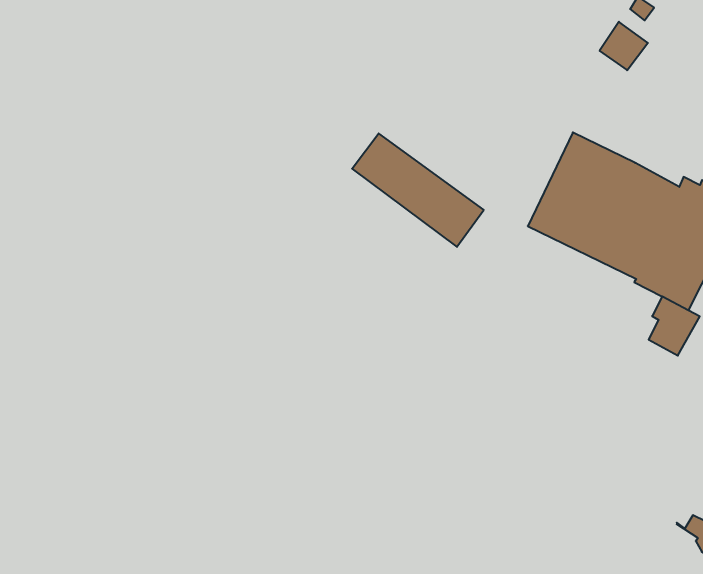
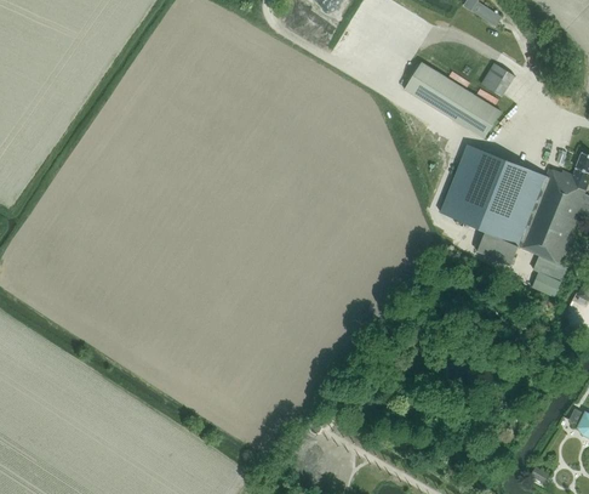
building: [352,133,484,247] -> [405,63,501,140]

